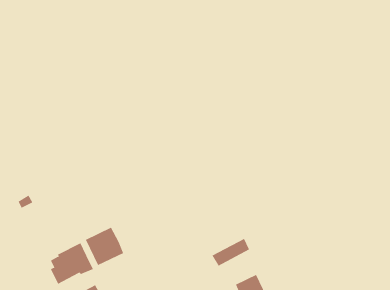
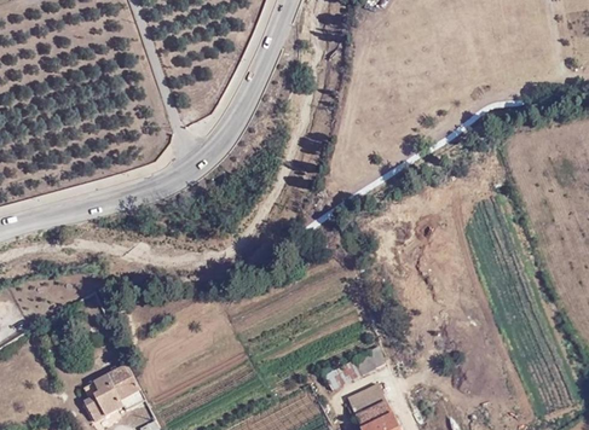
building: [85,227,124,266] -> none
building: none -> [343,383,382,417]

